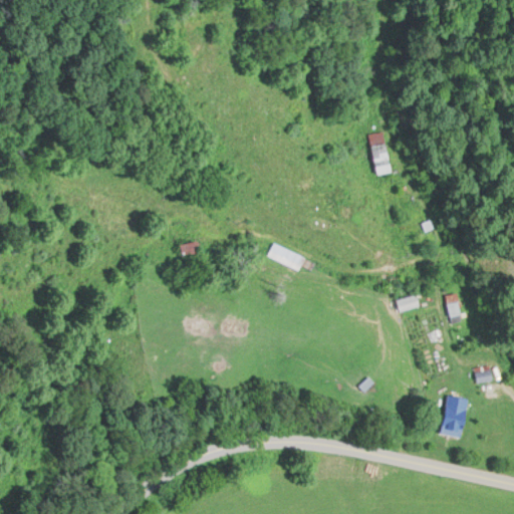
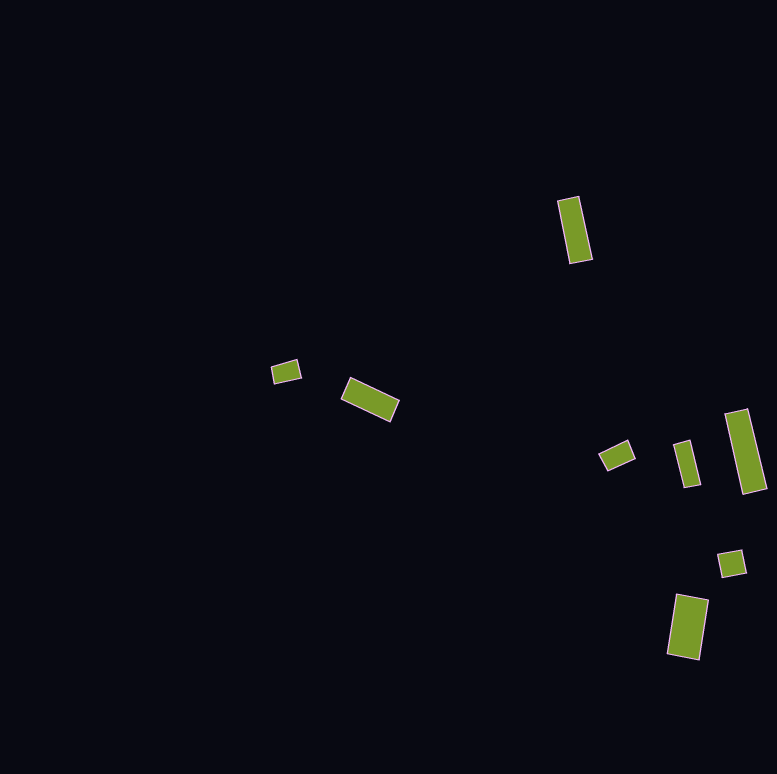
building: [267,242,305,271] -> [341,378,399,422]
building: none -> [725,409,767,494]

